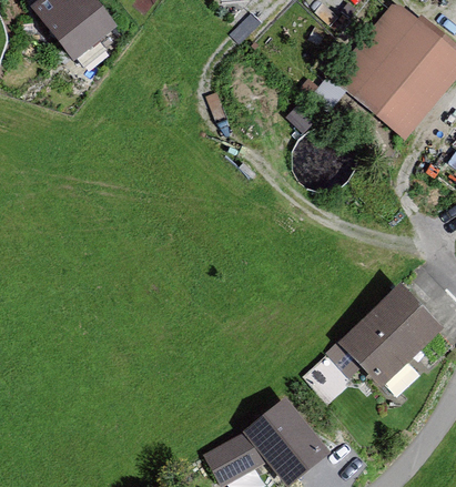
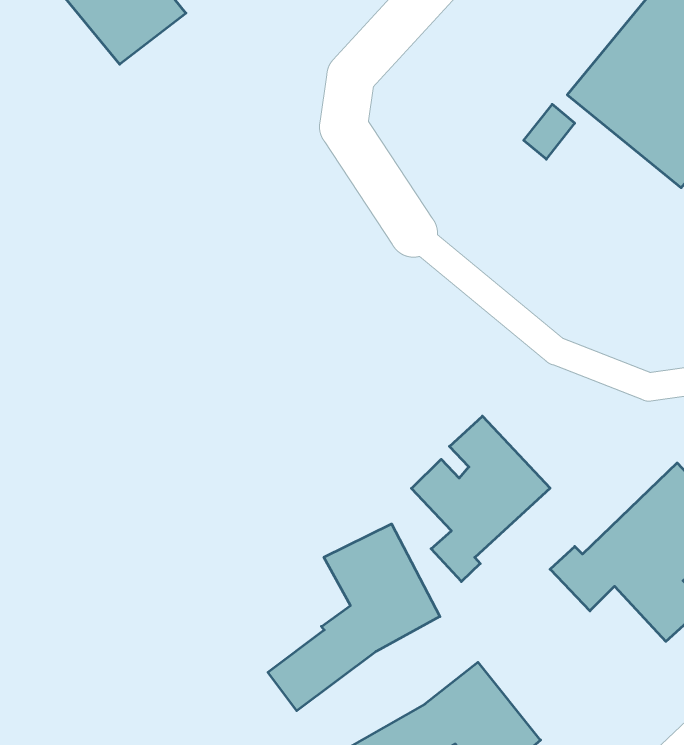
building: none -> [411,416,550,582]
building: none -> [268,524,440,711]

